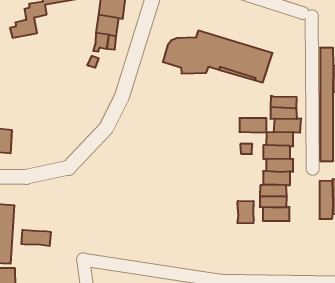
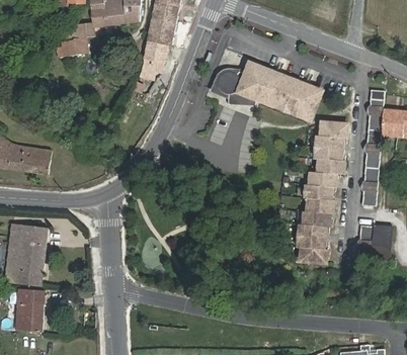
building: [239,118,266,132] -> [320,121,348,138]
building: [238,201,254,223] -> none
building: [21,230,51,246] -> none

